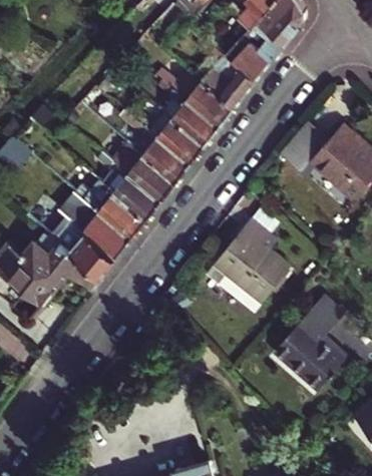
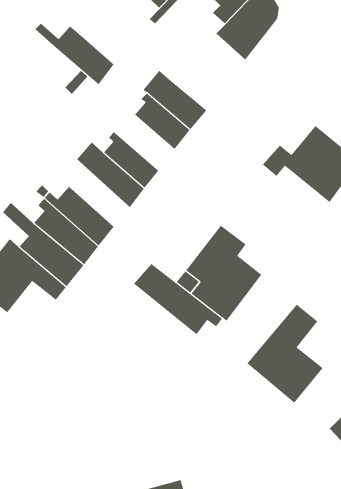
building: [198,34,271,108] -> none
building: [125,106,203,166] -> [35,23,115,85]
building: [96,152,159,220] -> none
building: none -> [133,263,223,335]

